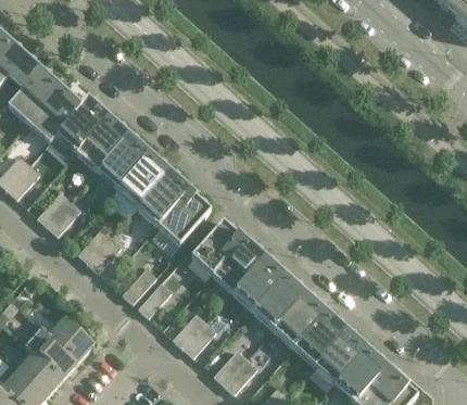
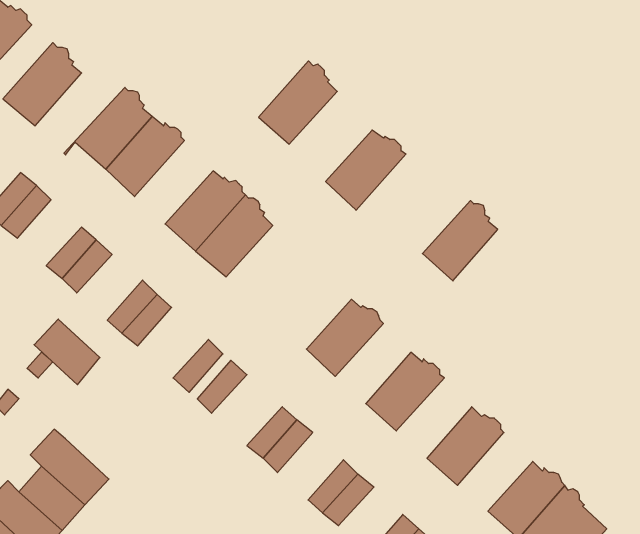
building: [29,87,90,141] -> none
building: [97,132,150,189] -> [259,61,337,144]
building: [159,190,213,244] -> [326,130,406,210]
building: [191,219,243,274] -> none
building: [232,256,283,311] -> [422,201,498,281]
building: [274,293,325,347] -> none
building: [50,317,94,362] -> [34,319,100,385]
building: [315,330,366,383] -> none

